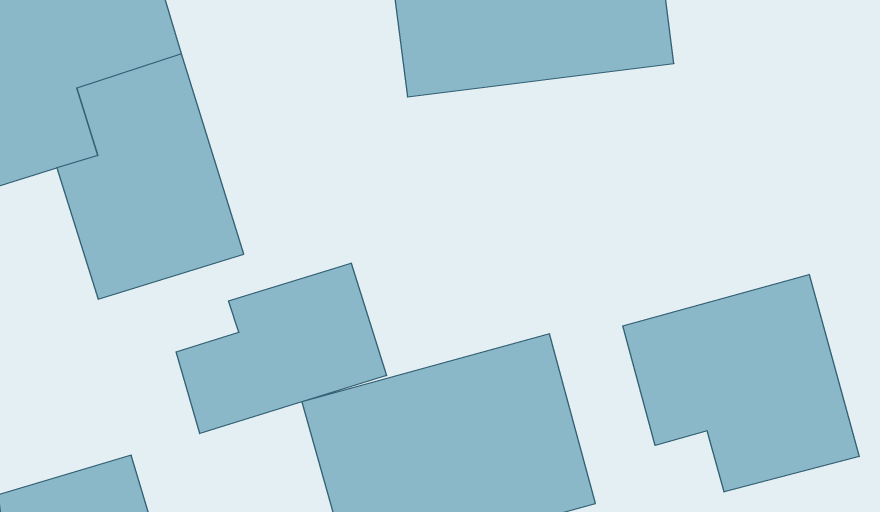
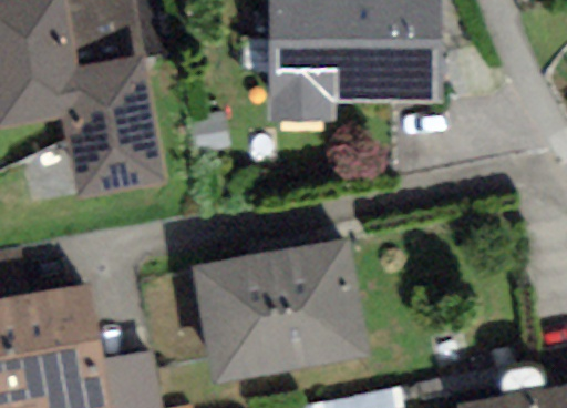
building: [176,263,387,434] -> none
building: [623,274,859,492] -> none

